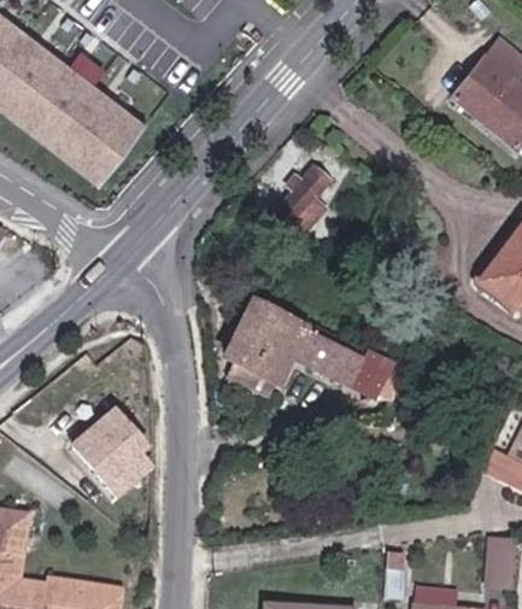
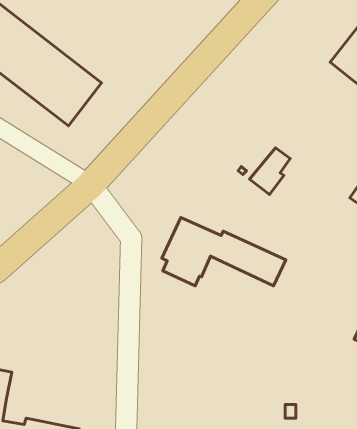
building: [277,169,332,232] -> [250,148,290,194]
building: [68,411,147,499] -> none

